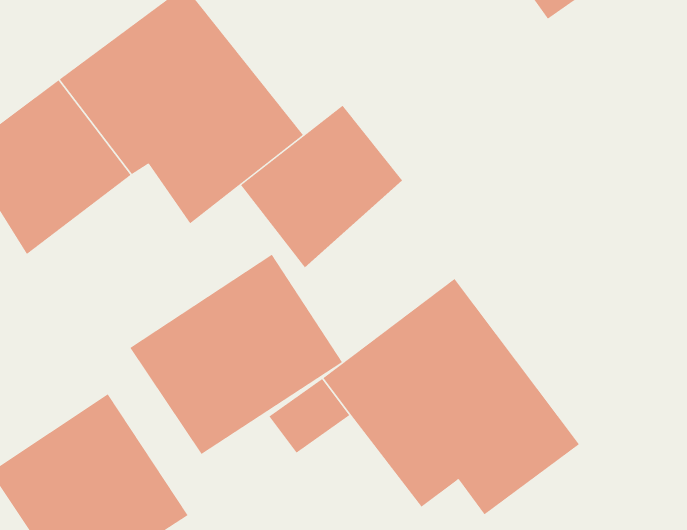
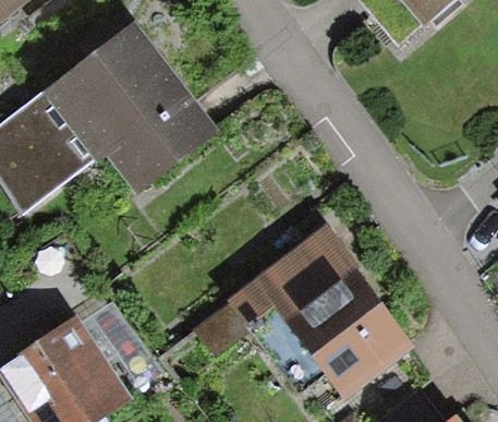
building: [240,105,403,268] -> none
building: [130,254,343,455] -> none

